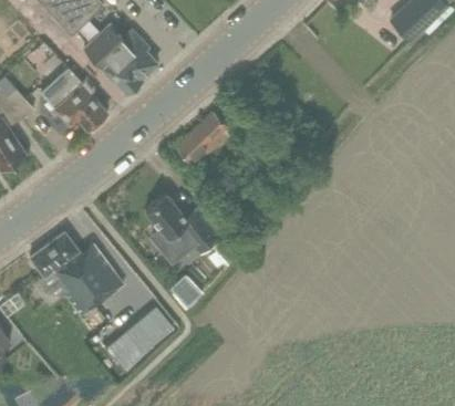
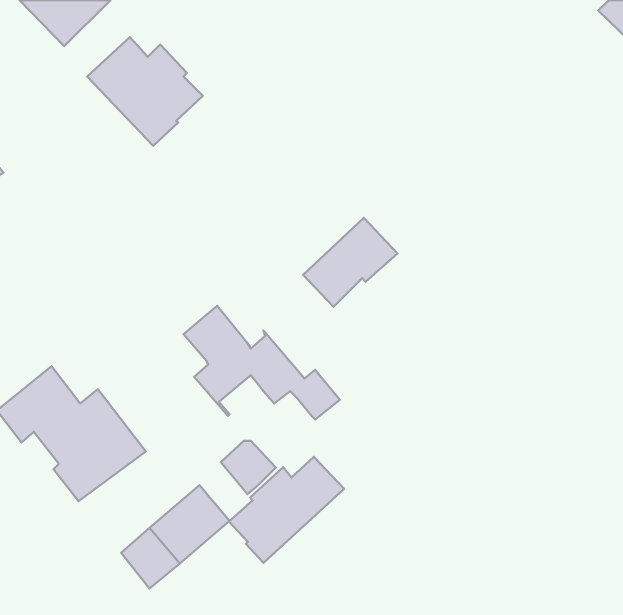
building: [42,69,106,128] -> none
building: [175,112,234,167] -> [303,218,398,307]
building: none -> [229,457,344,563]

